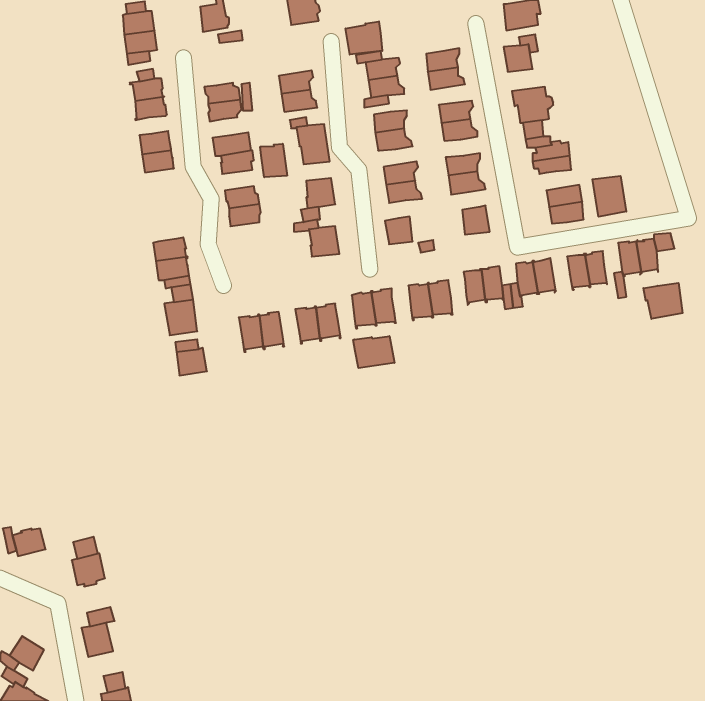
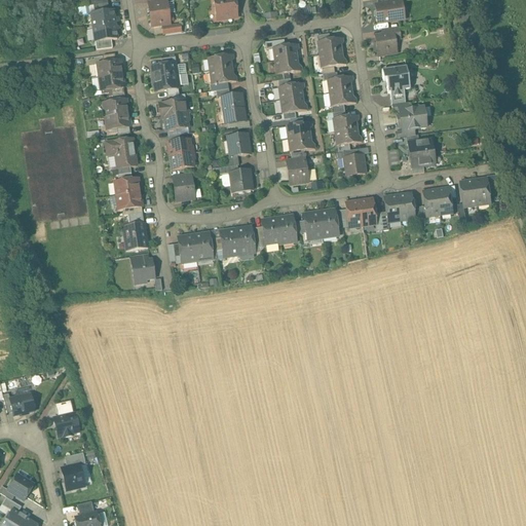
building: [346,21,382,55] -> none
building: [260,144,287,177] -> none
building: [592,176,626,217] -> none
building: none -> [105,138,136,167]
building: none -> [173,173,194,199]
building: [643,283,683,319] -> none
building: [353,336,394,368] -> none

